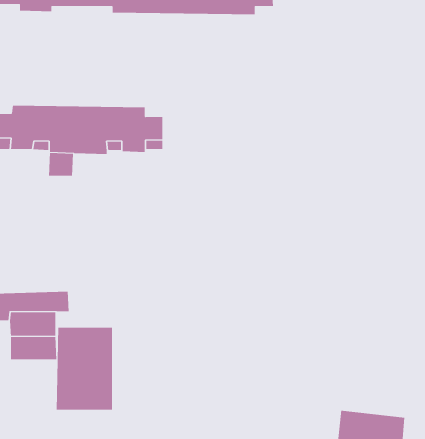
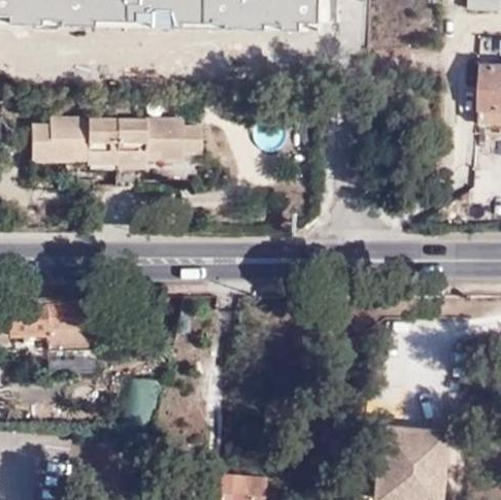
building: [56,327,112,410] -> none

